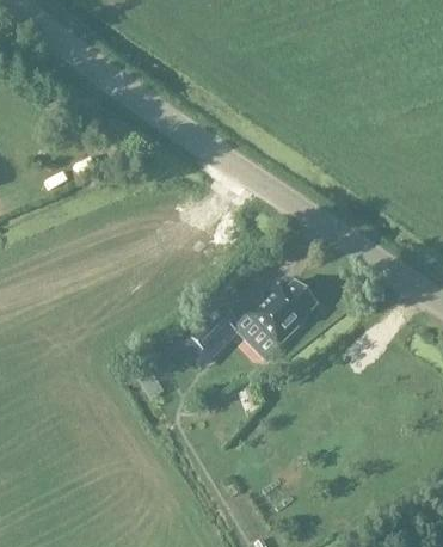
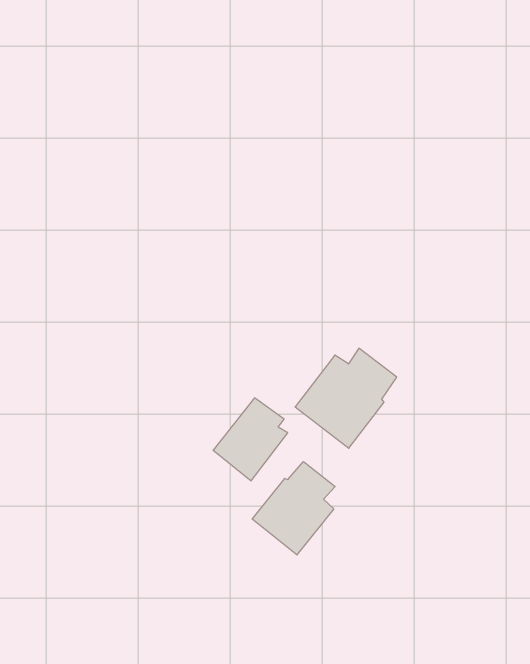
building: none -> [252,462,335,555]

